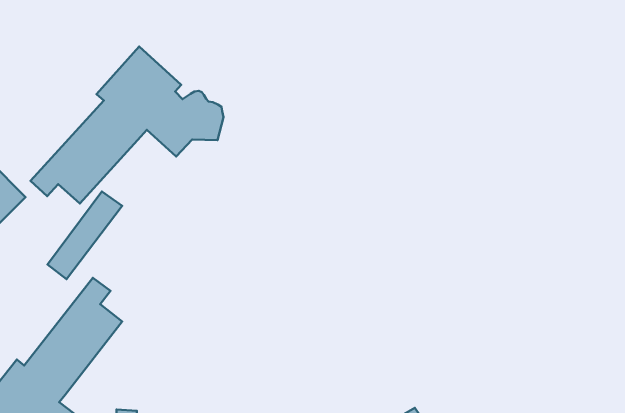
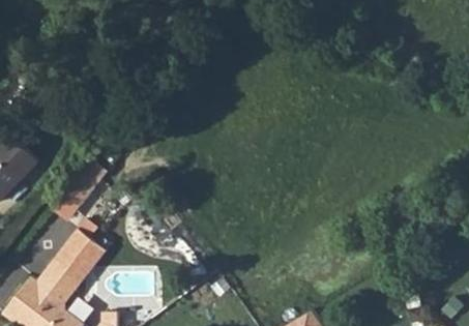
building: [31,46,223,203] -> none

